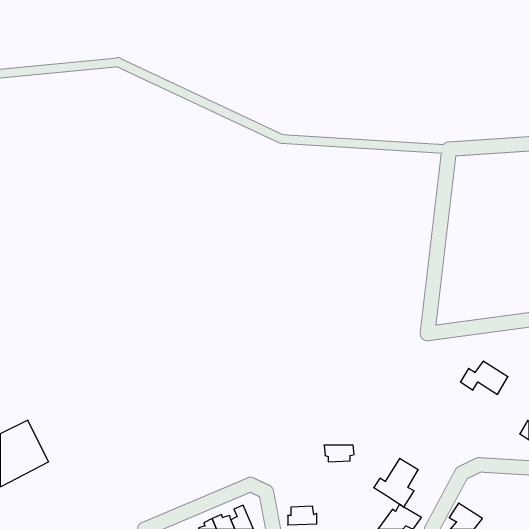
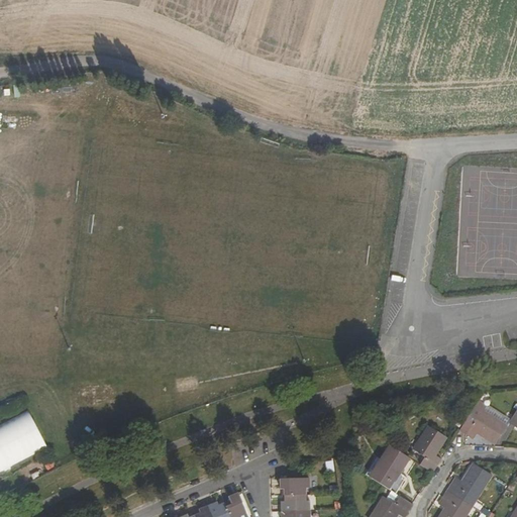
building: [460,361,508,394] -> [458,411,505,443]
building: none -> [413,426,445,474]
building: [324,445,354,462] -> [280,479,309,495]
building: none -> [447,466,490,506]

